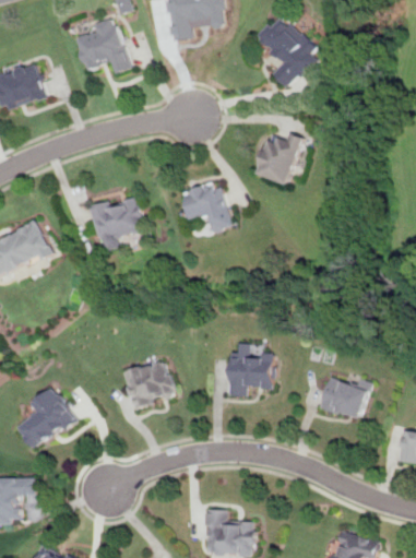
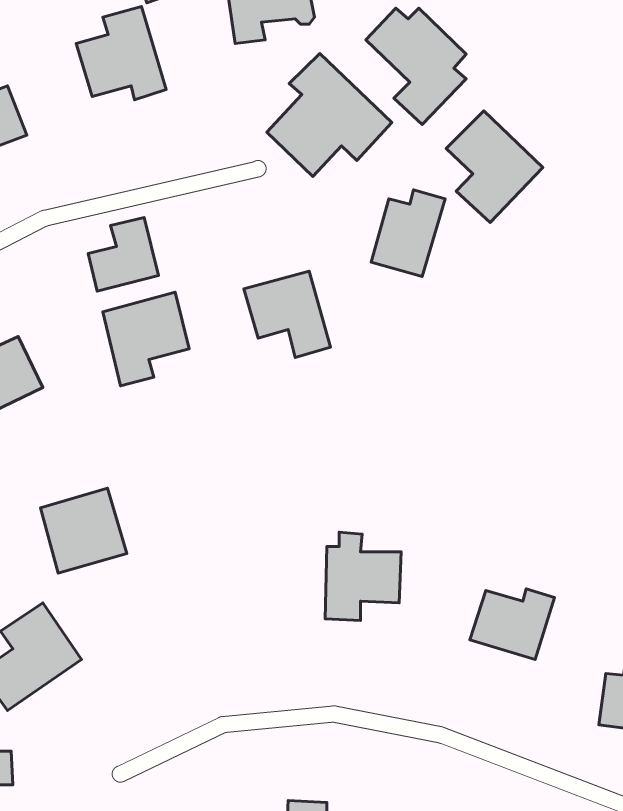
building: none -> [267,53,392,177]
building: none -> [446,111,543,222]
building: none -> [88,218,158,291]
building: [122,358,176,411] -> [40,488,127,573]

